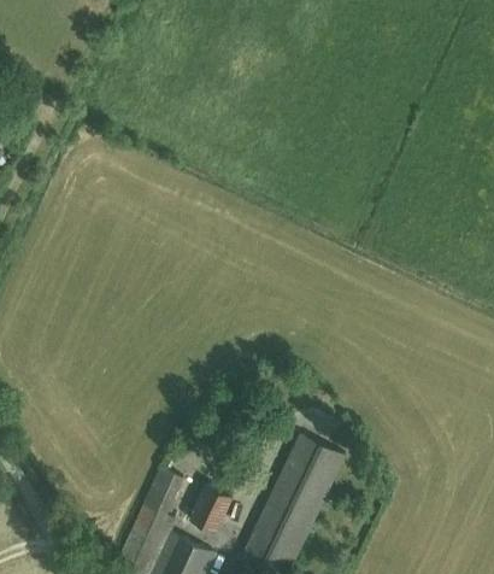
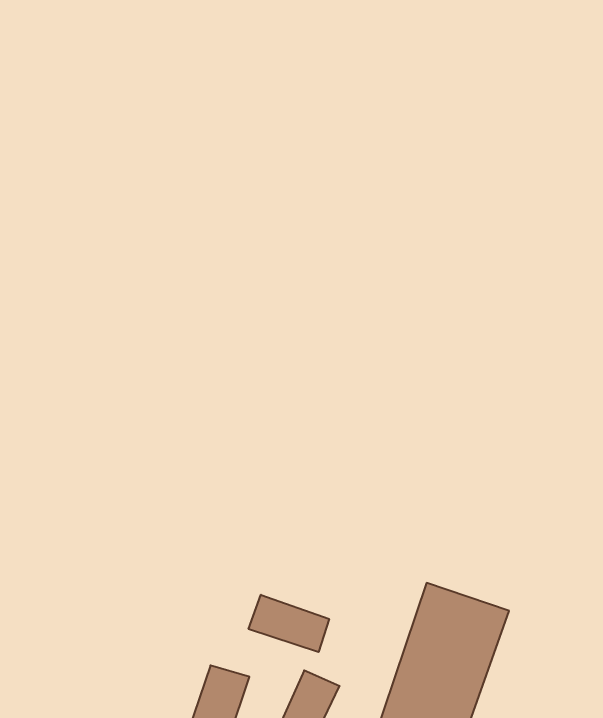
building: none -> [249,595,329,652]

